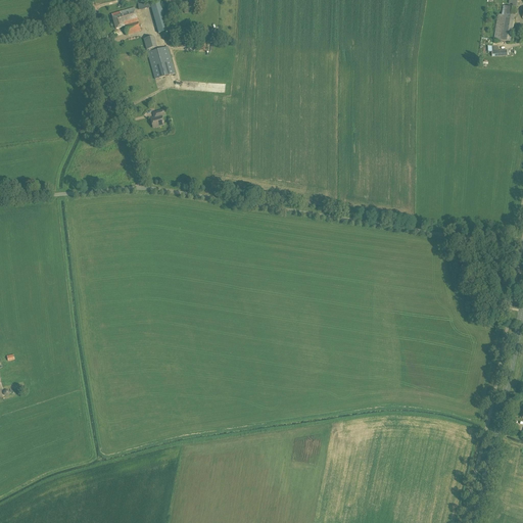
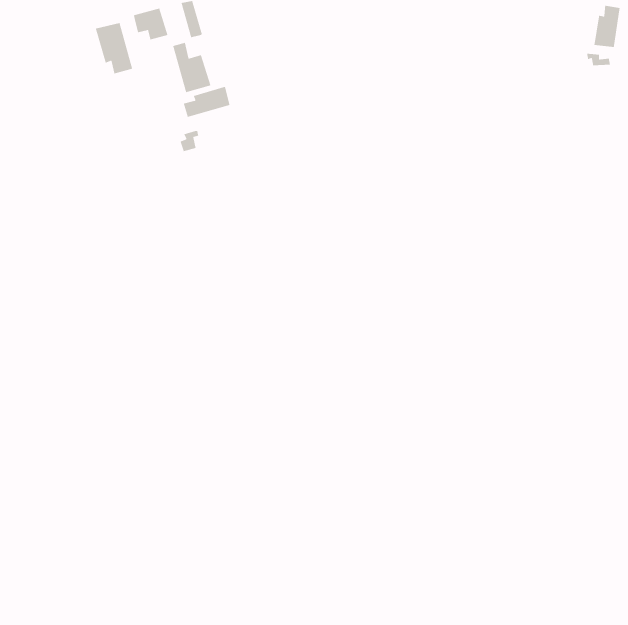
building: none -> [95,22,133,75]
building: none -> [183,86,230,118]

